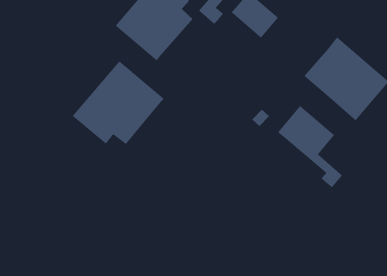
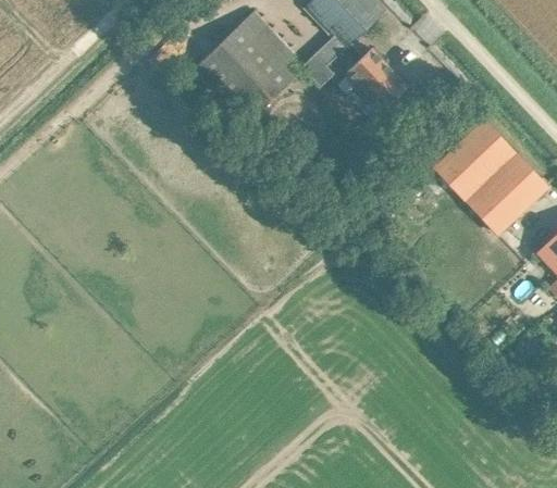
building: [72,60,164,145] -> none
building: [277,105,343,188] -> none

